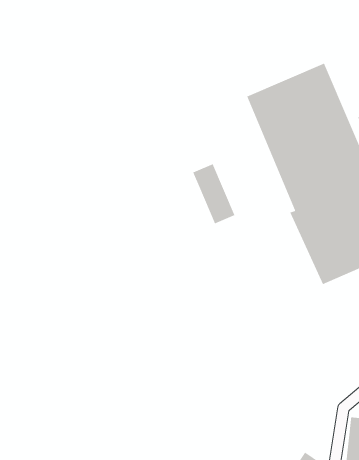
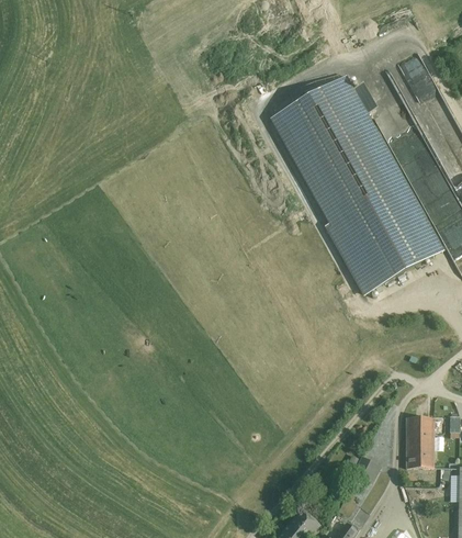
building: [192,163,236,225] -> none

